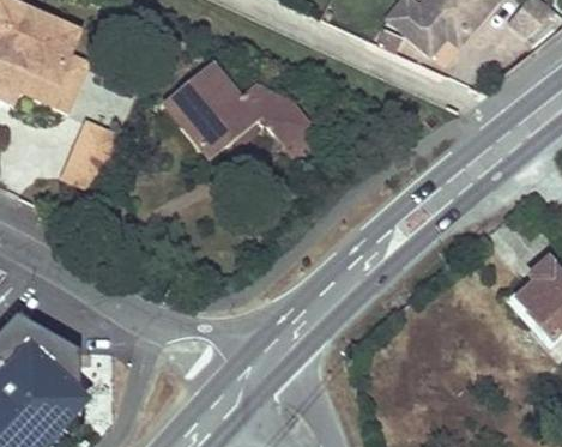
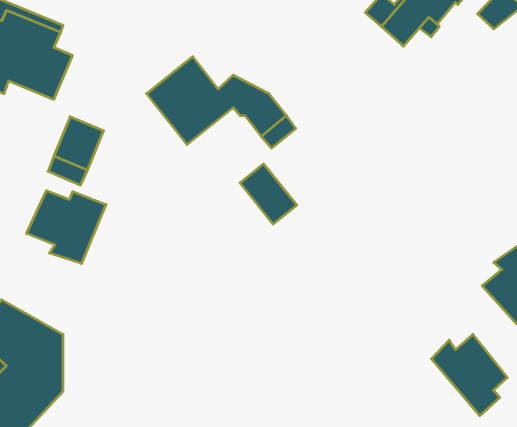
building: none -> [240,164,297,224]
building: none -> [27,191,106,264]
building: none -> [431,334,507,416]

